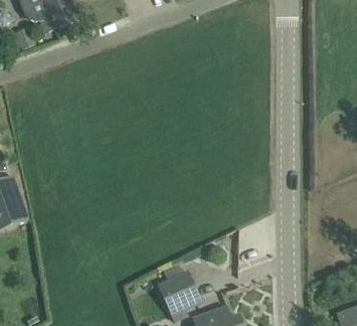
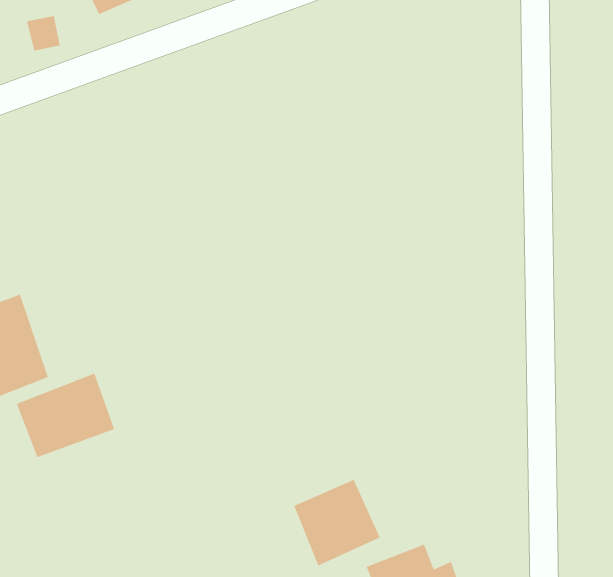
building: none -> [16,373,115,458]

